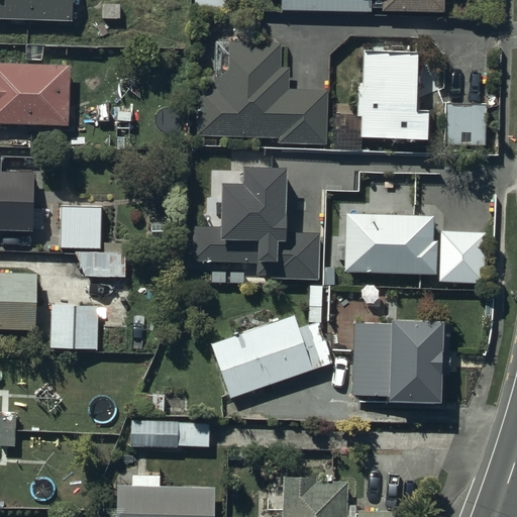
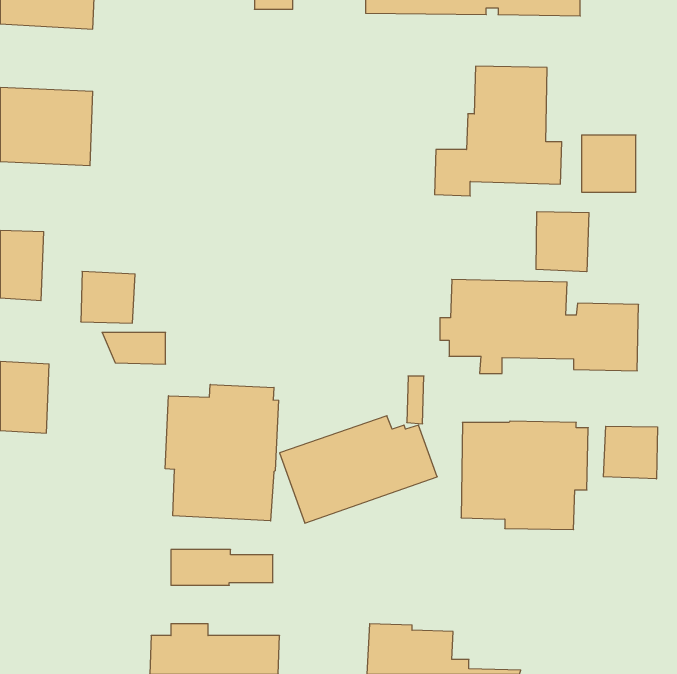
building: [196,25,325,143] -> none
building: none -> [536,212,589,272]
building: [190,168,318,279] -> none
building: none -> [165,384,279,521]
building: [56,307,99,348] -> none
building: none -> [603,426,657,479]

